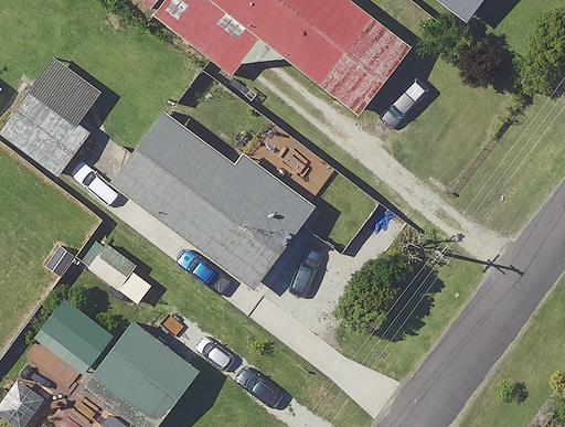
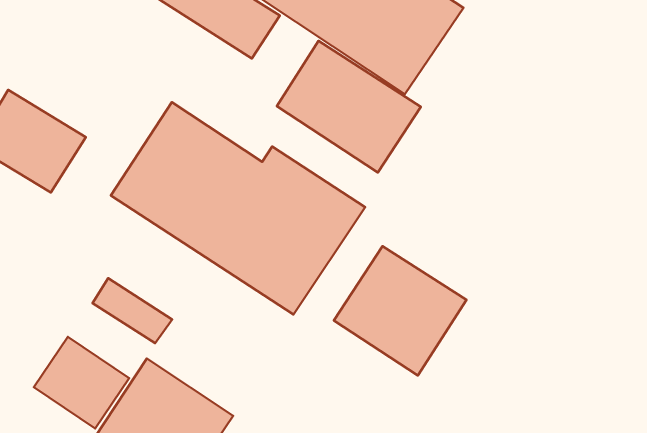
building: none -> [277,41,421,172]
building: none -> [334,246,466,376]

